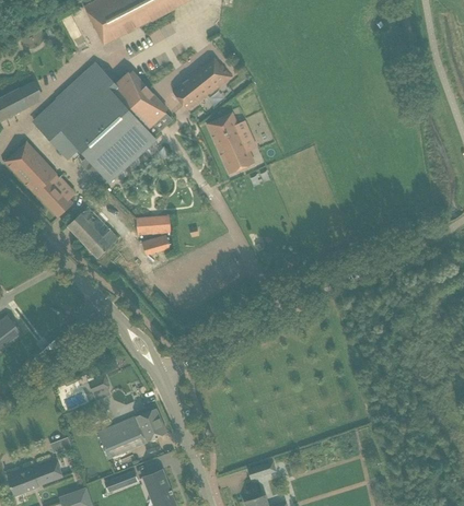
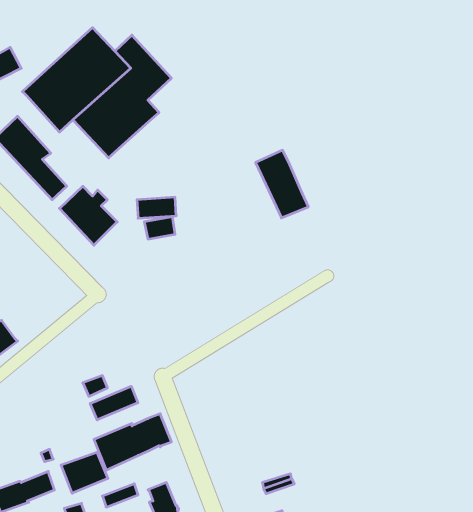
building: [172,58,230,109] -> none
building: [206,113,253,173] -> [256,150,308,218]
building: none -> [90,386,138,420]
building: none -> [61,452,108,493]

